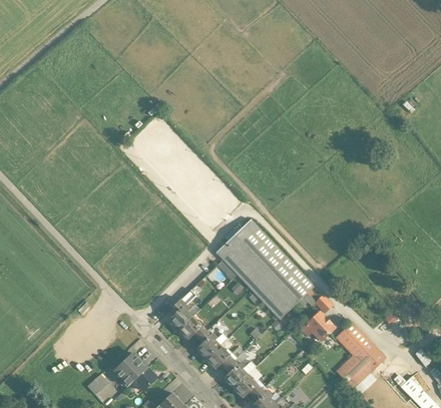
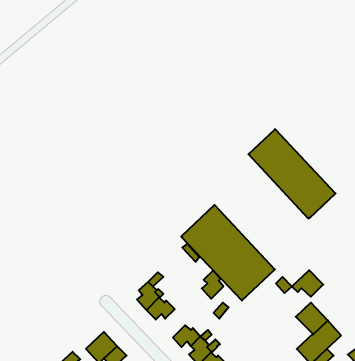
building: none -> [248,129,336,218]
building: [302,313,335,341] -> [292,270,323,297]
building: [196,330,219,360] -> [202,270,223,299]

